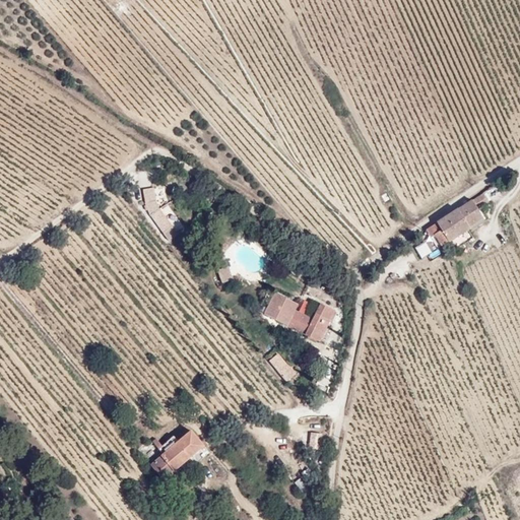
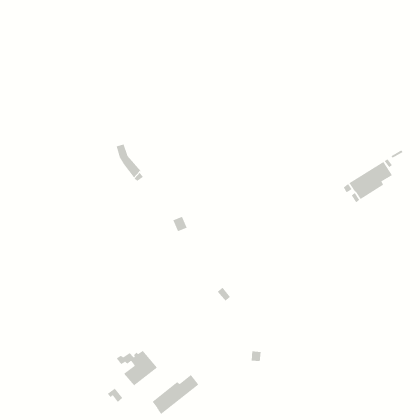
building: [263,291,332,341] -> none
building: none -> [152,374,199,415]

